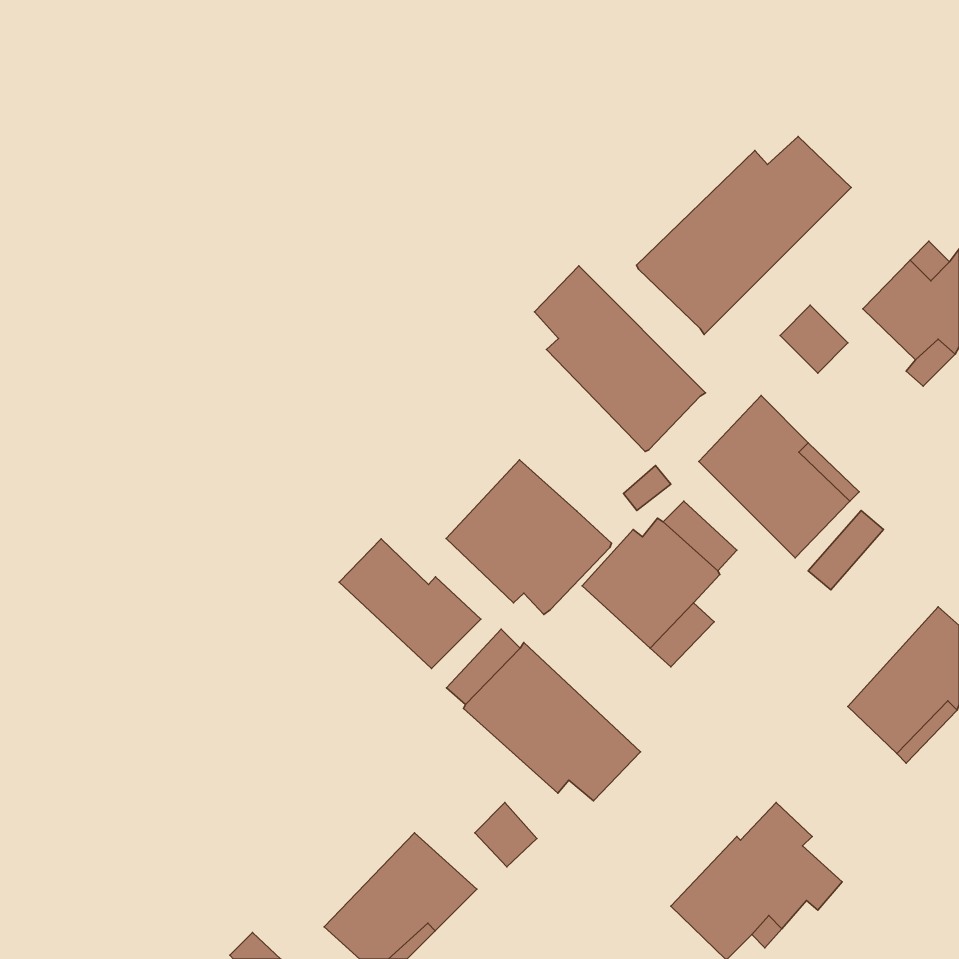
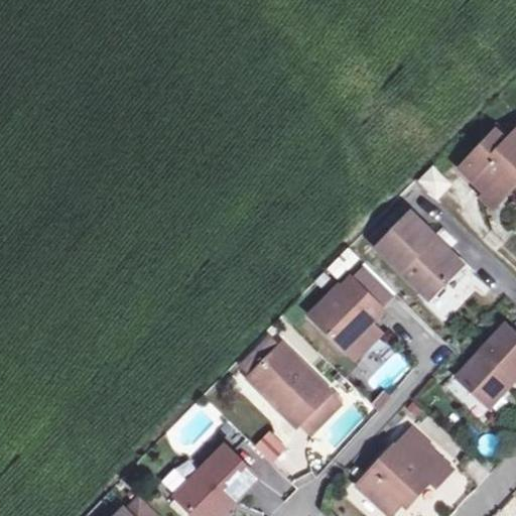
building: [637,136,851,334] -> none
building: [534,266,706,451] -> none
building: [446,460,611,615] -> none
building: [339,539,481,668] -> none

